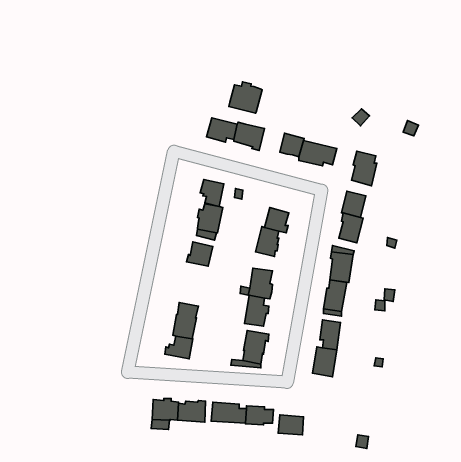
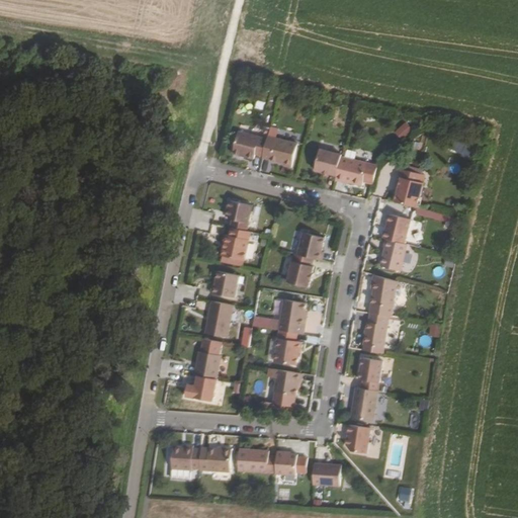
building: [229,82,262,113] -> none
building: none -> [203,300,232,337]
building: none -> [344,425,369,453]

